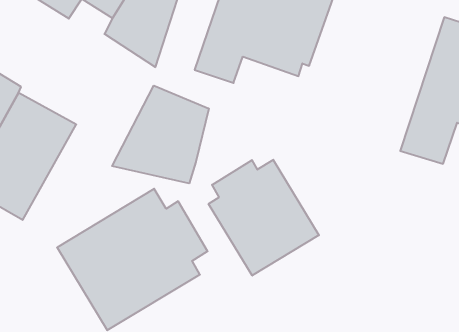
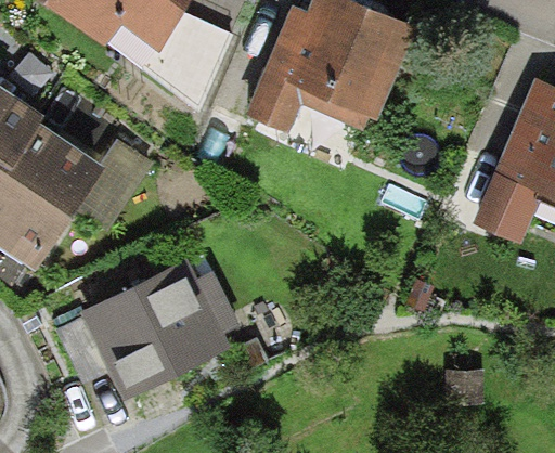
building: [112,86,209,183] -> none
building: [209,160,319,276] -> none

